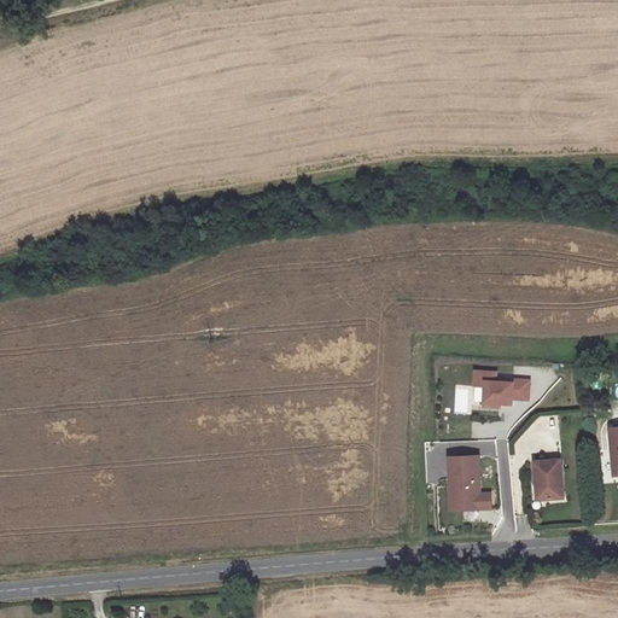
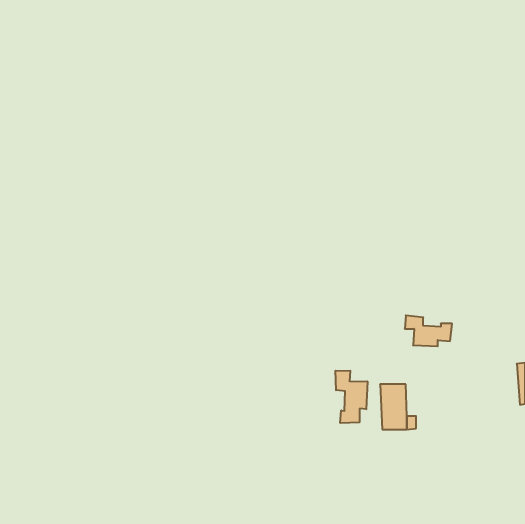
building: none -> [336,371,367,423]
building: [535,460,562,501] -> none

